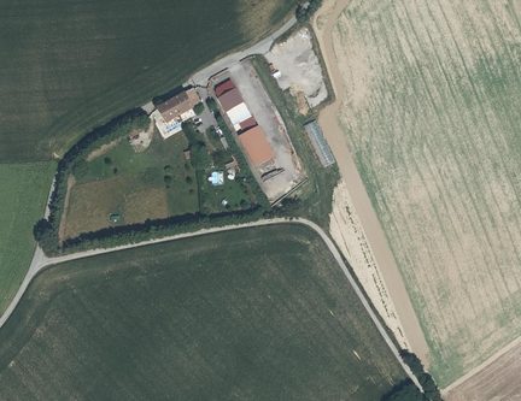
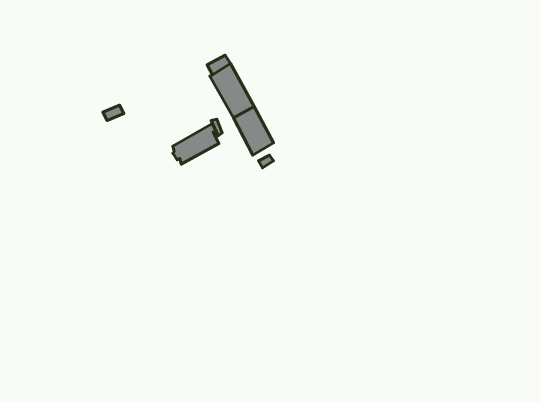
building: [159,87,199,122] -> [173,124,219,164]

